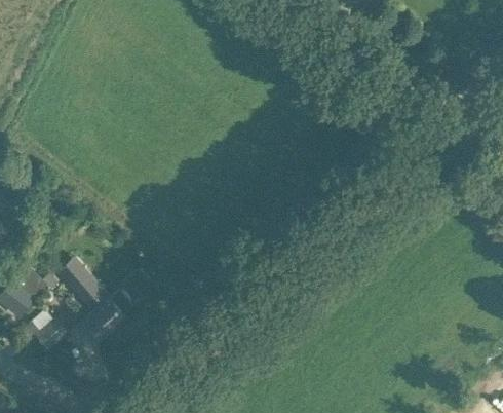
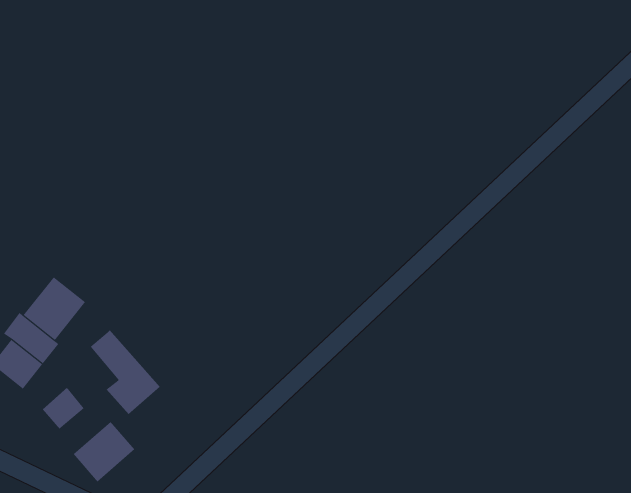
building: none -> [23,276,86,341]
building: none -> [73,421,135,482]

